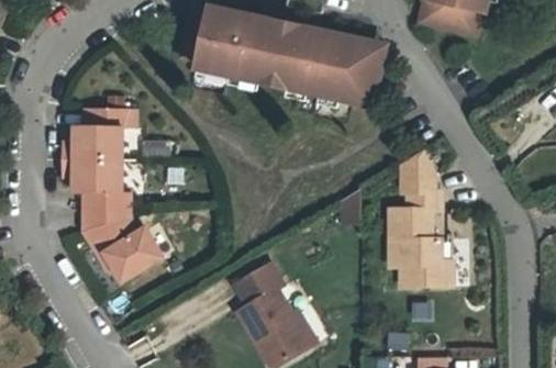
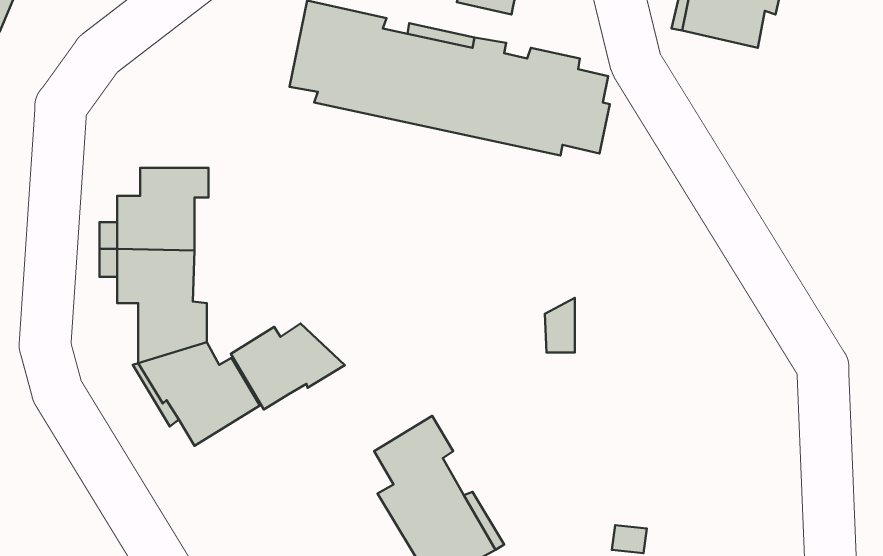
building: [389,150,452,286] -> none
building: none -> [231,323,345,410]

